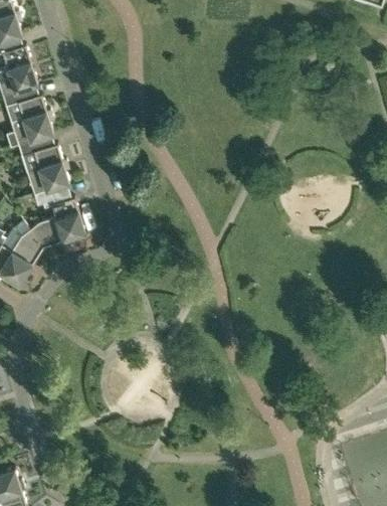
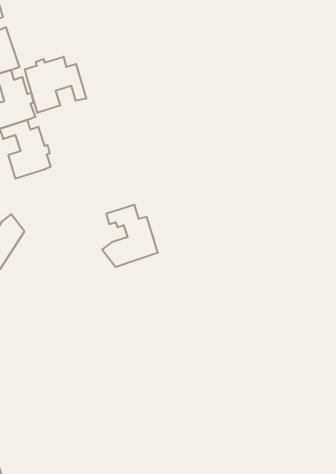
building: none -> [25,57,86,113]
building: [30,188,85,249] -> [102,205,158,267]

